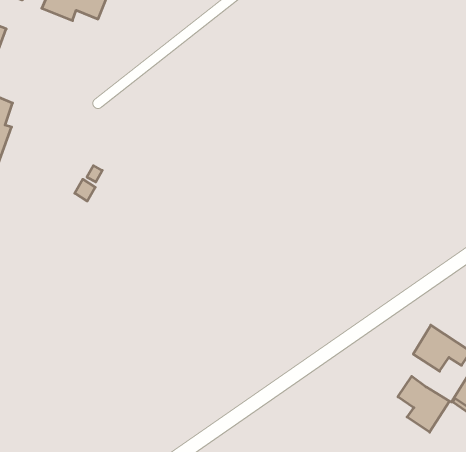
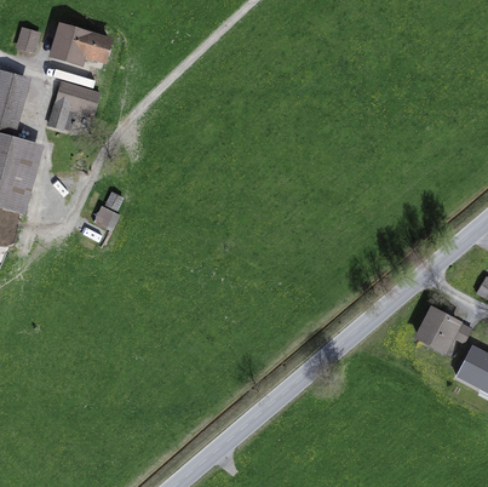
building: none -> [50,81,101,127]
building: [398,376,450,432] -> none

